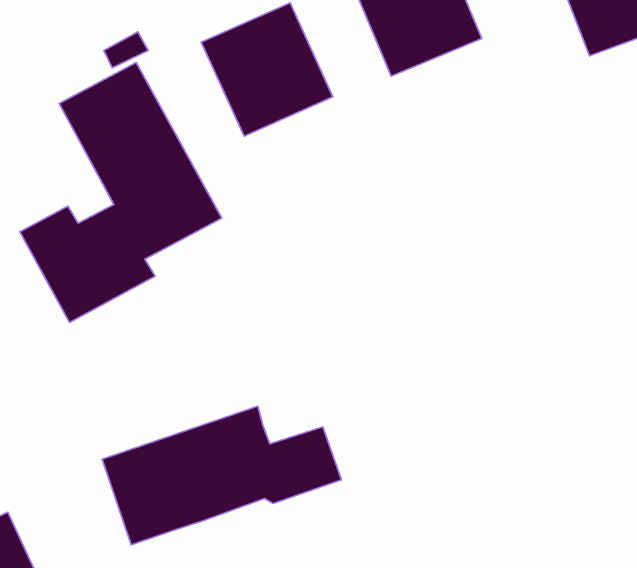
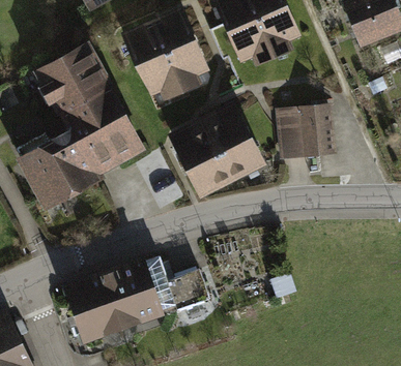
building: none -> [281,109,335,159]
building: none -> [173,111,261,193]

